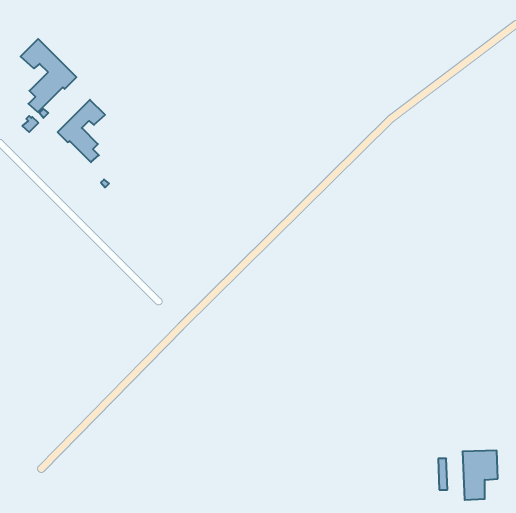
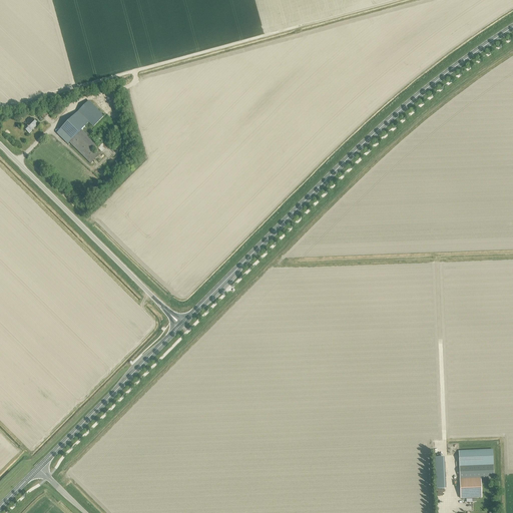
building: [21,39,76,112] -> none

